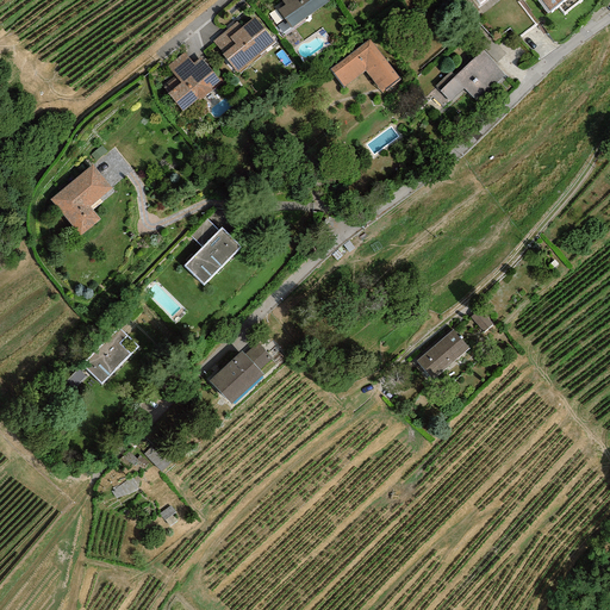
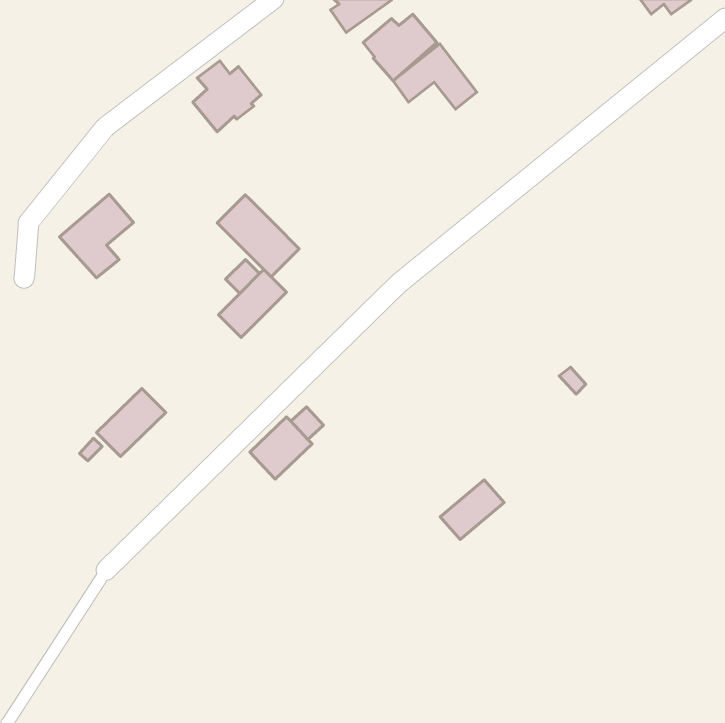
building: [212,17,274,73] -> [363,14,437,81]
building: [435,49,505,101] -> none
building: none -> [217,195,299,277]
building: [416,329,469,379] -> [440,480,504,539]

